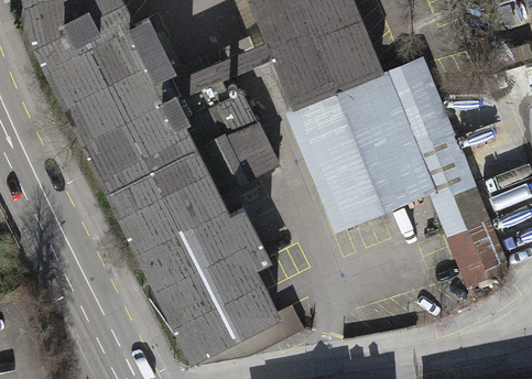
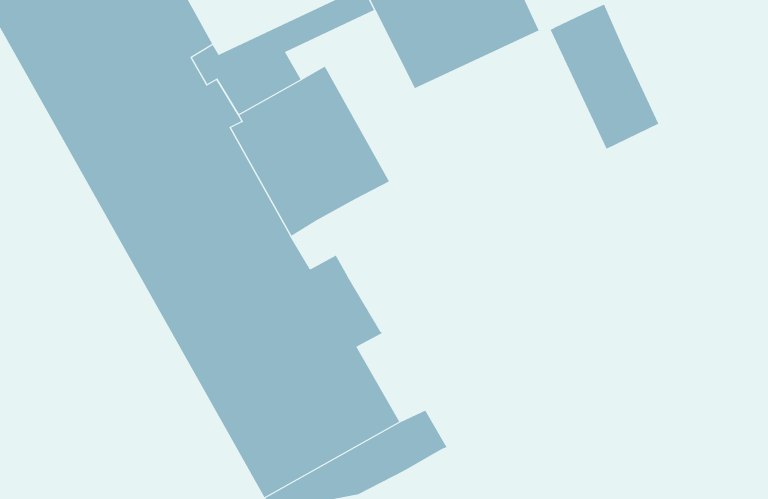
building: [293,75,424,225] -> none
building: [414,138,503,285] -> none

